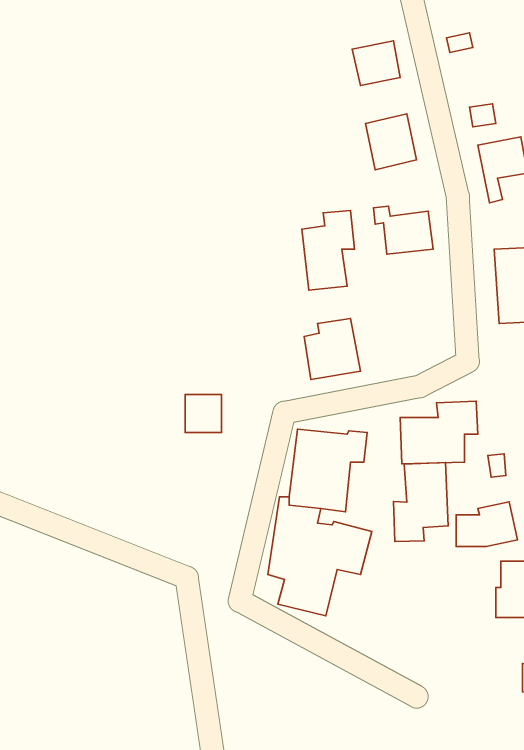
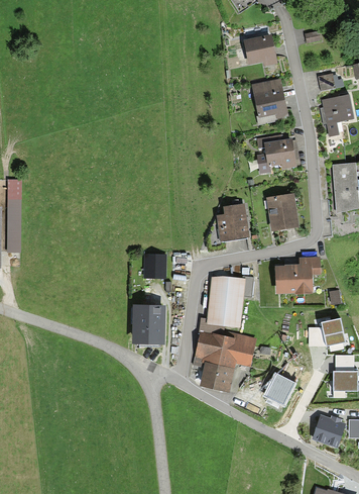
building: [302,211,354,290] -> none
building: none -> [267,196,300,233]
building: [394,463,448,541] -> none
building: none -> [133,304,165,344]
building: none -> [266,375,294,404]
building: none -> [314,414,345,444]

